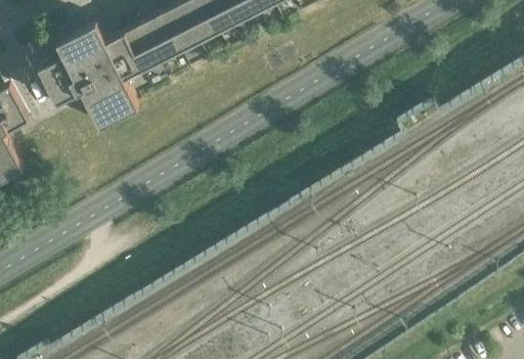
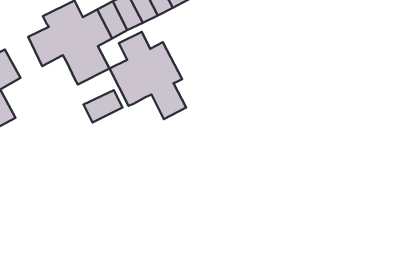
building: none -> [110,32,186,119]
building: none -> [83,90,122,123]

